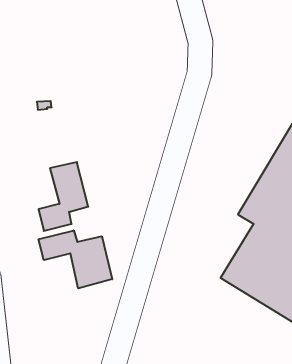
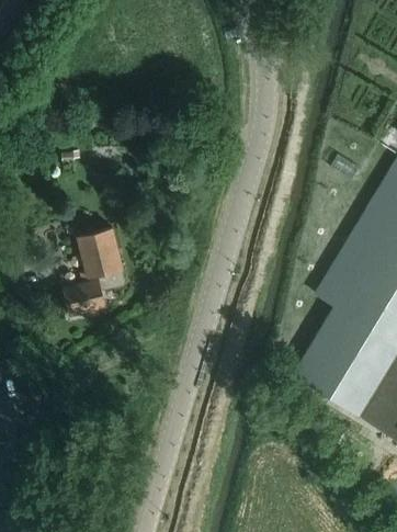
building: [38,230,112,288] -> none

